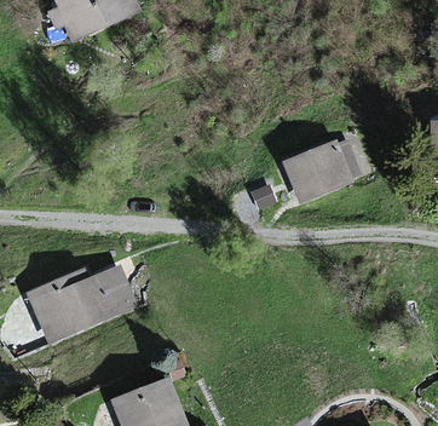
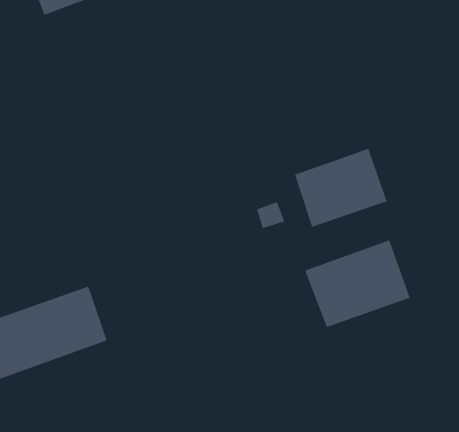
building: none -> [305,240,410,328]

